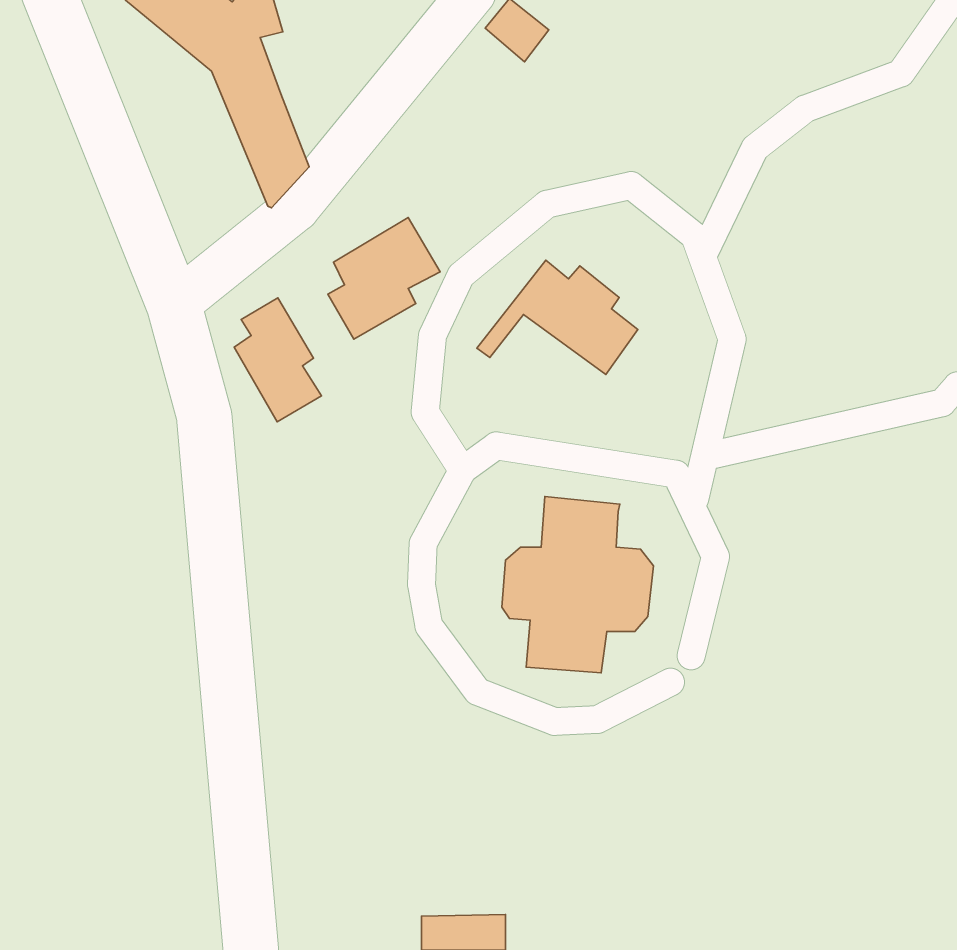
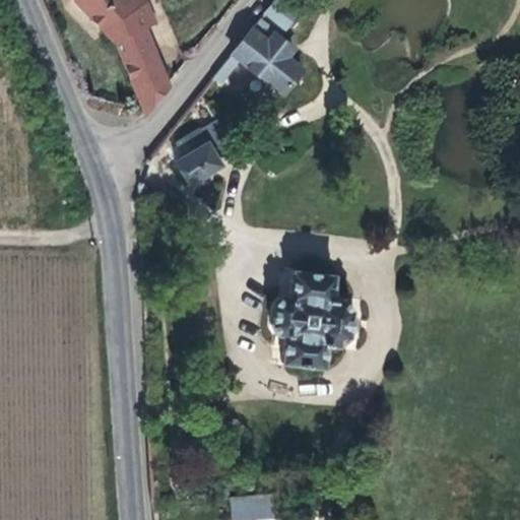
building: [477,260,638,374] -> [213,31,301,93]
building: [234,298,321,422] -> none

